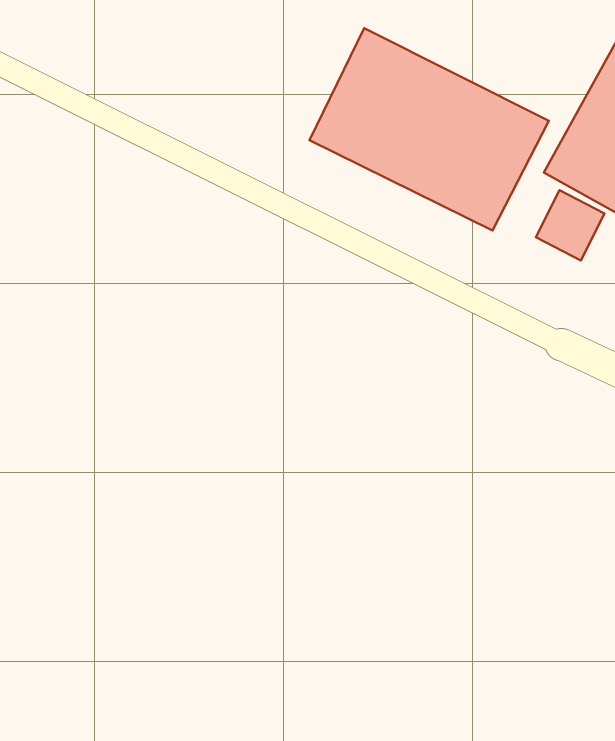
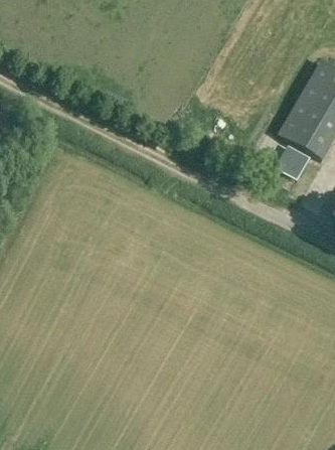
building: [309,28,549,230] -> none

